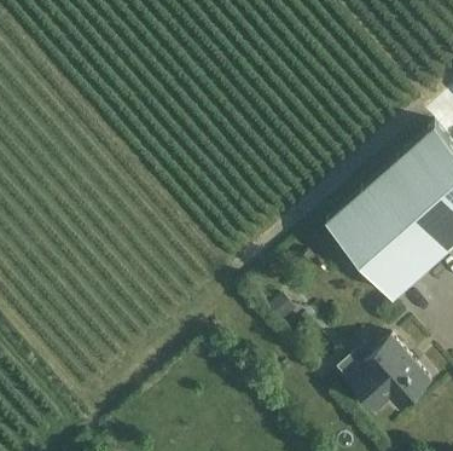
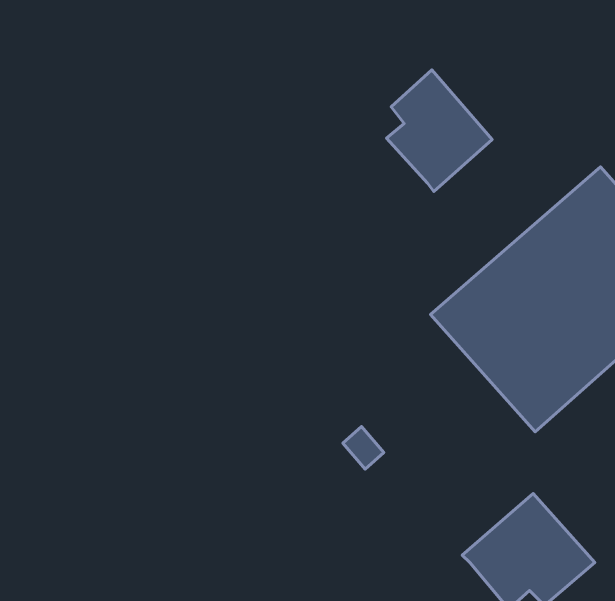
building: none -> [386,70,492,191]

